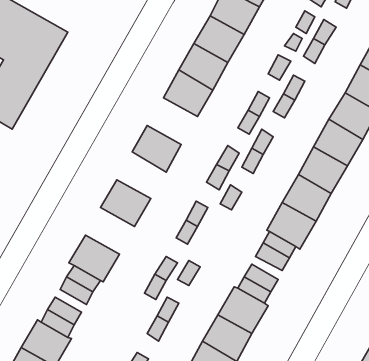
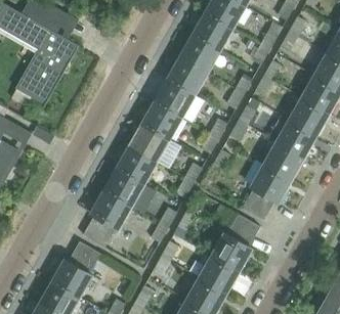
building: none -> [153,80,194,118]
building: none -> [128,124,168,162]
building: none -> [102,169,142,207]

